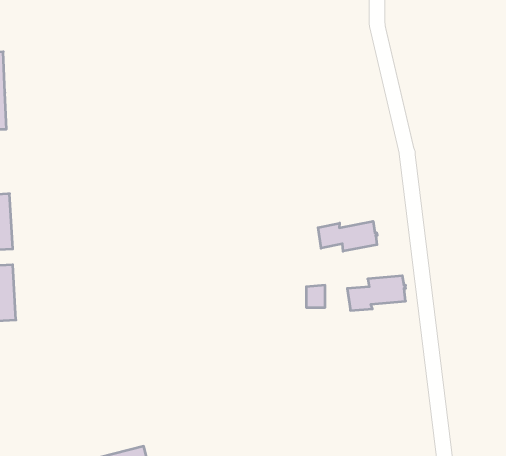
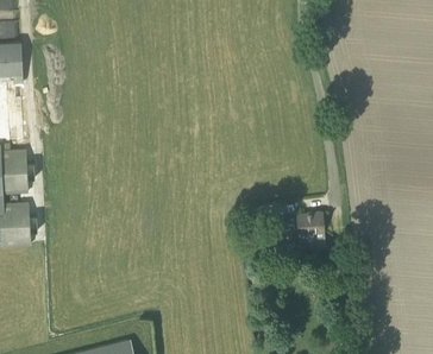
building: [318,221,377,251] -> none

